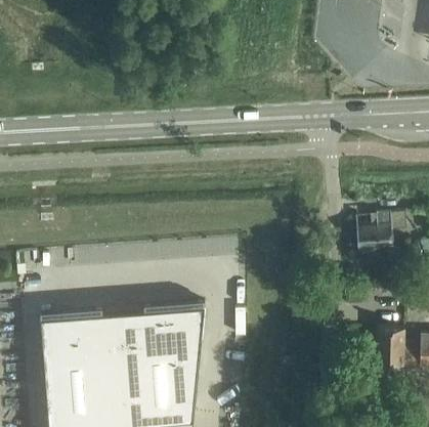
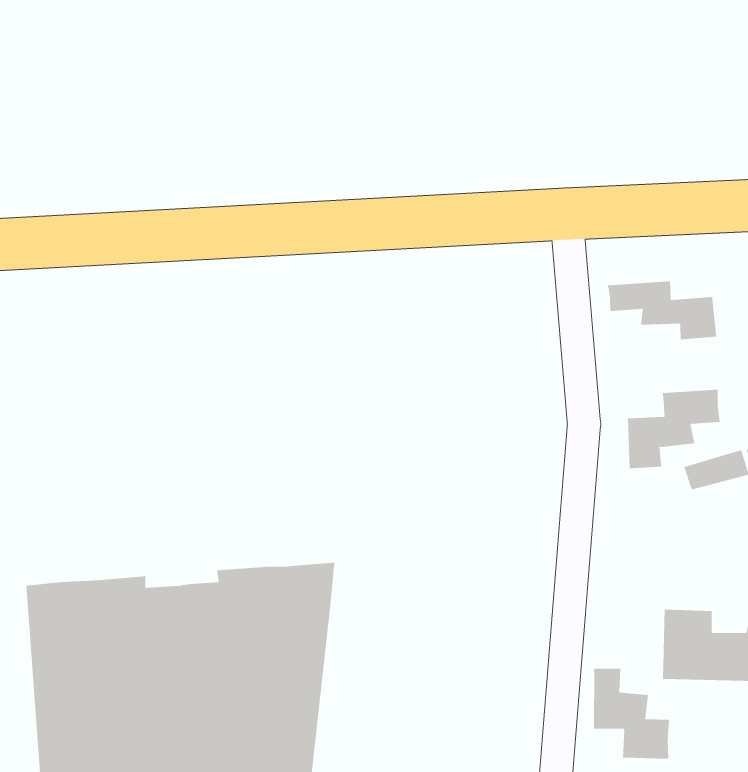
building: none -> [608,280,717,340]
building: none -> [594,668,670,760]

